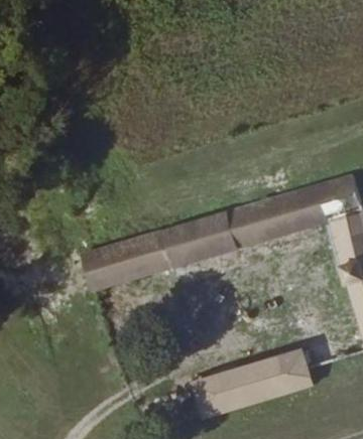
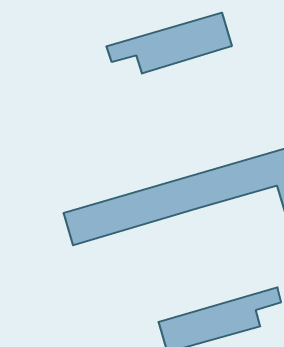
building: none -> [106,13,232,74]

